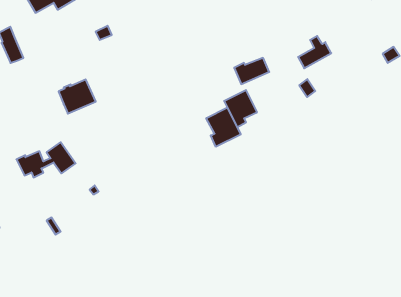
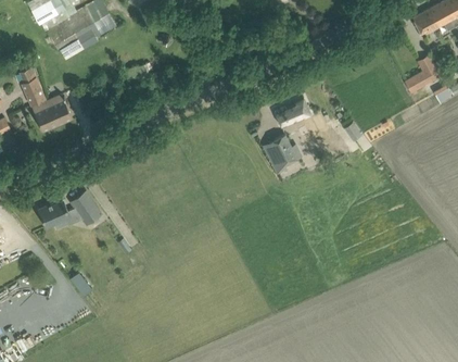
building: [298,36,331,68] -> [404,59,440,93]
building: [59,79,96,114] -> [31,95,72,132]
building: [206,108,241,147] -> none

